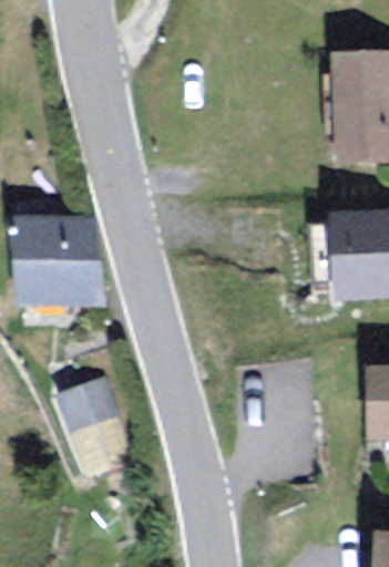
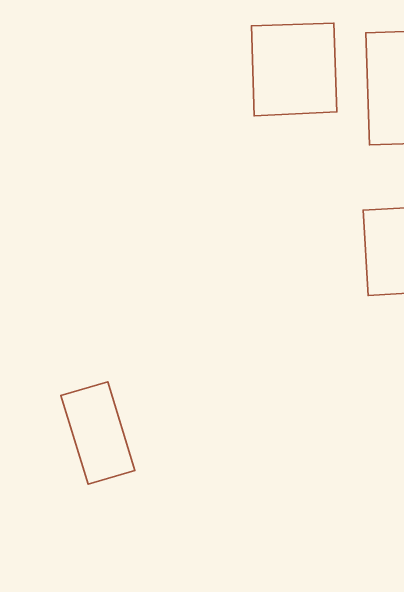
building: none -> [251,23,337,116]
building: [19,218,93,299] -> none

